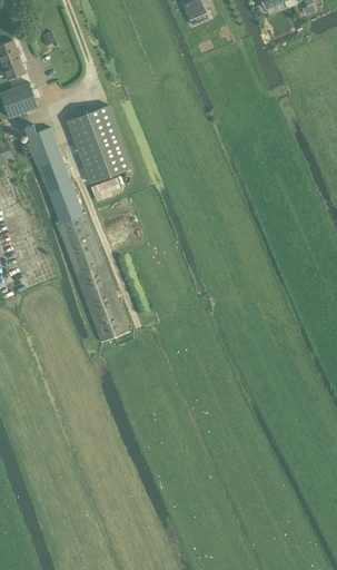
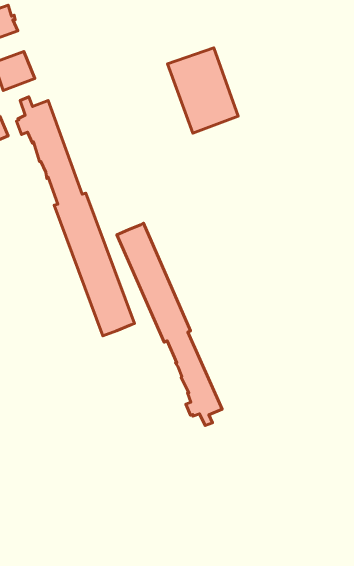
building: [66,107,130,185] -> [167,48,238,133]
building: none -> [117,223,222,426]

